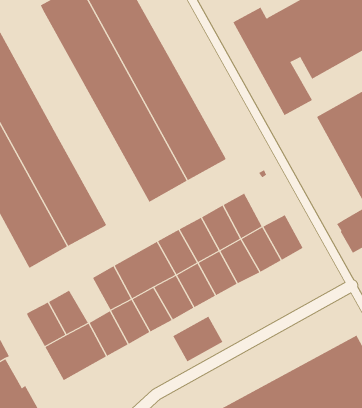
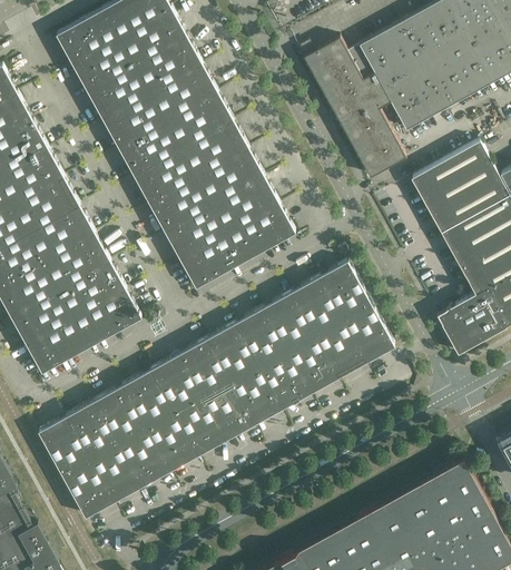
building: none -> [318,262,371,320]
building: none -> [94,385,146,443]
building: [173,316,223,362] -> none

